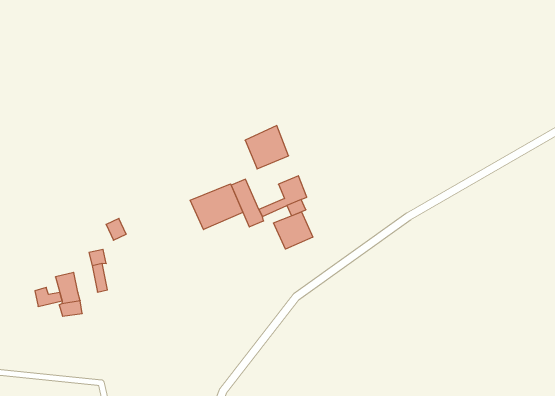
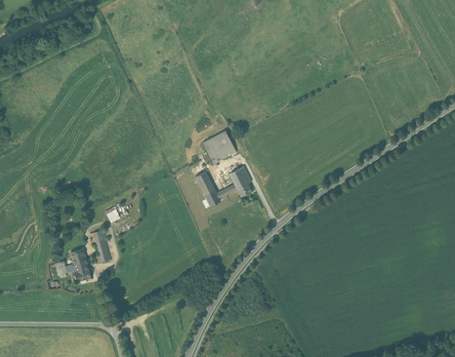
building: [190,184,243,230] -> none
building: [273,212,313,249] -> none

